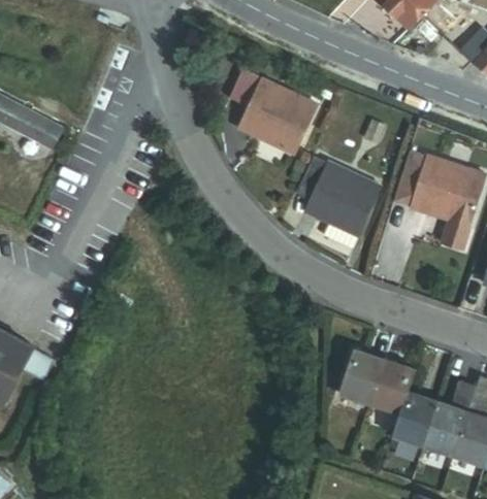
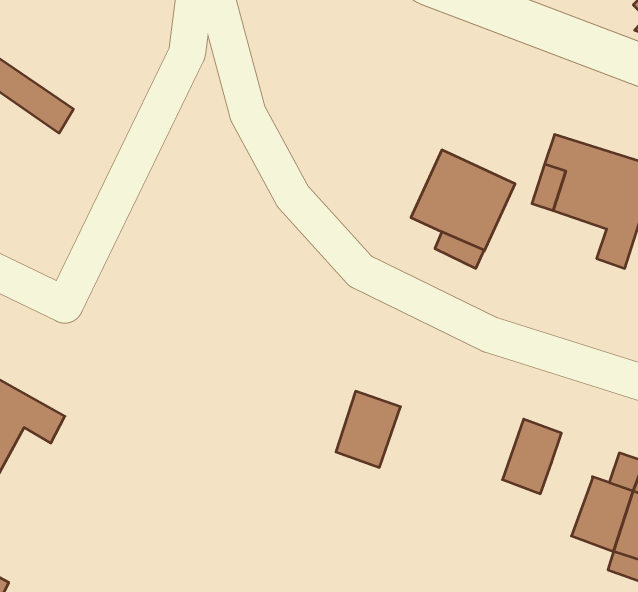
building: [238,79,319,154] -> none
building: [340,347,388,403] -> [336,391,401,467]
building: [393,391,439,444] -> none

